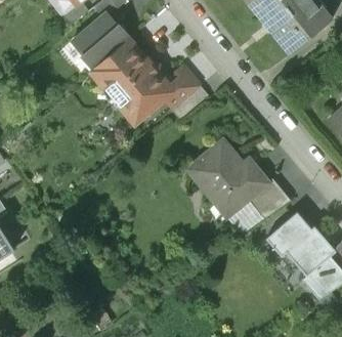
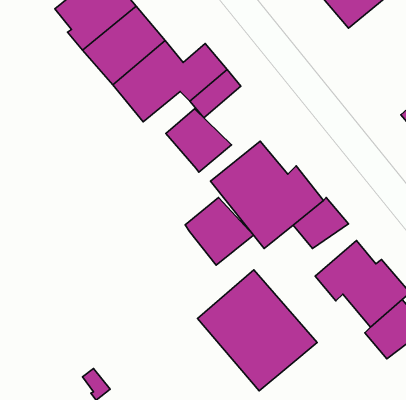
building: none -> [166,109,231,172]
building: none -> [185,197,254,265]
building: none -> [197,270,317,391]

